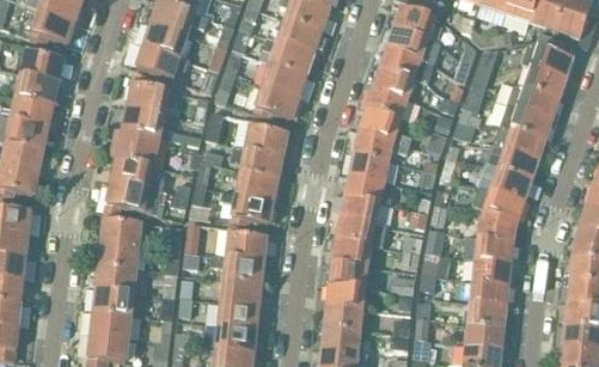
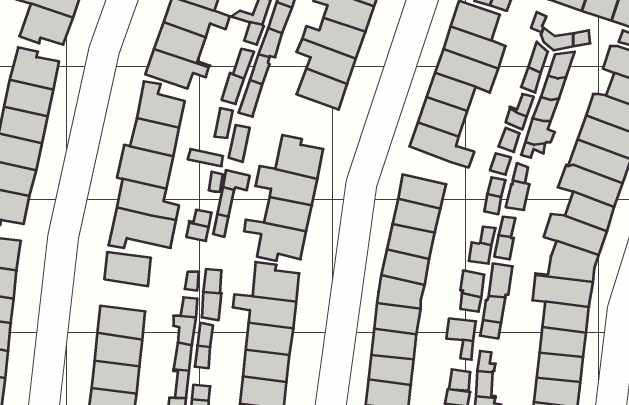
building: [255,84,299,118] -> none
building: [353,128,409,160] -> none
building: [97,240,137,268] -> none

